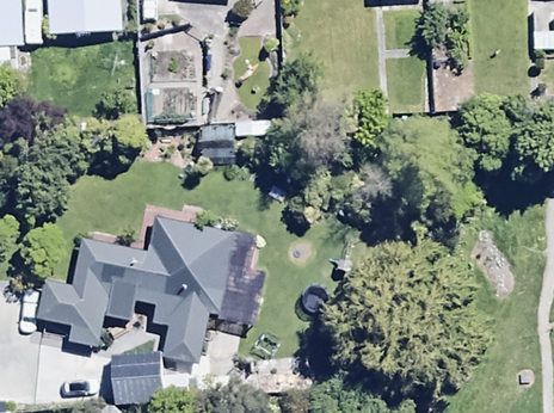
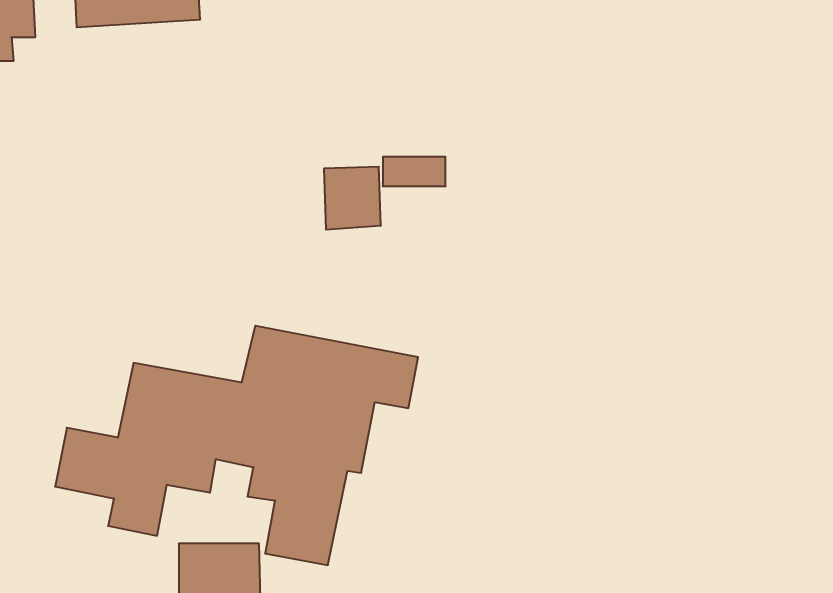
building: [141,32,192,117] -> none

